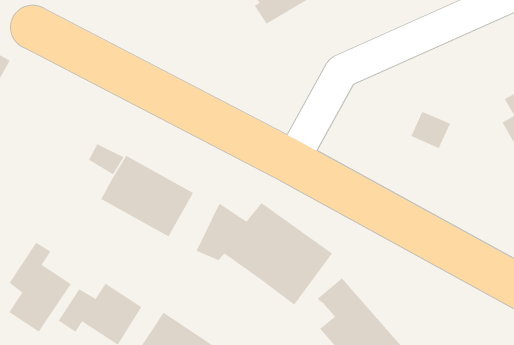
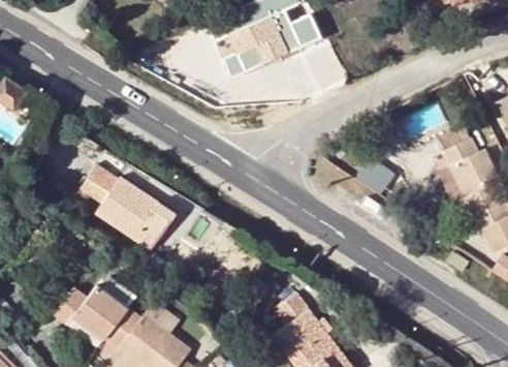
building: [196,202,333,306] -> none
building: [9,242,71,332] -> none

